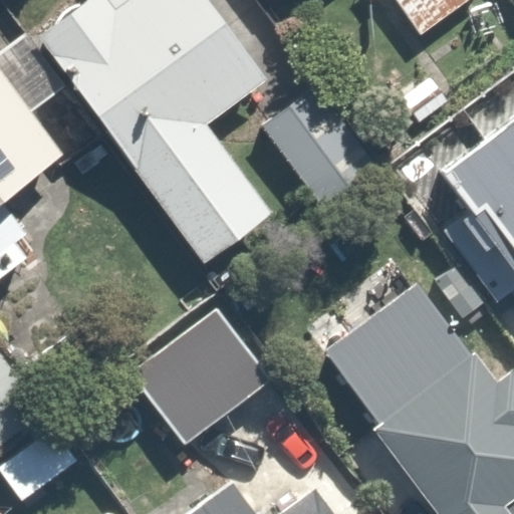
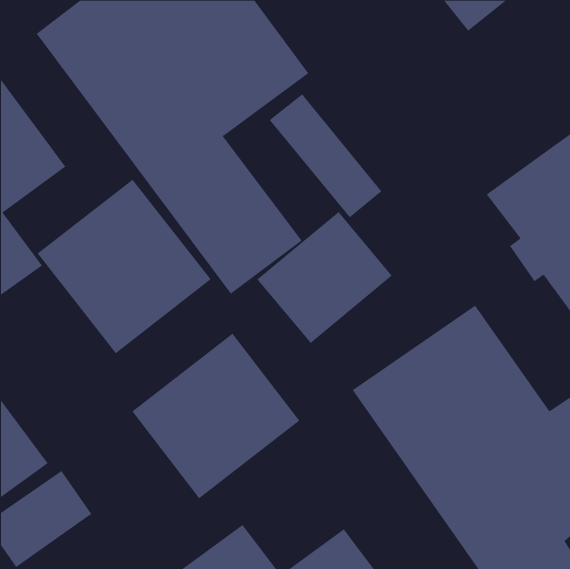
building: none -> [37,179,211,354]
building: none -> [257,211,393,344]

